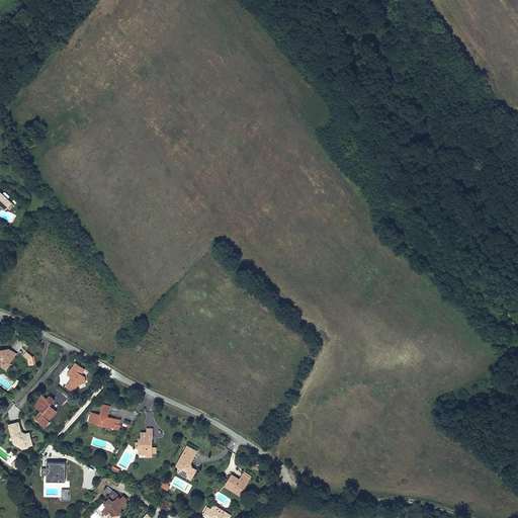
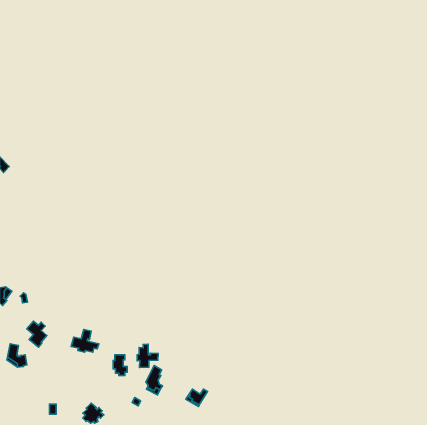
building: [64,365,84,397] -> none
building: none -> [137,344,158,367]
building: [46,463,64,484] -> none

